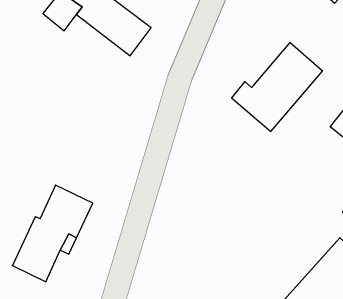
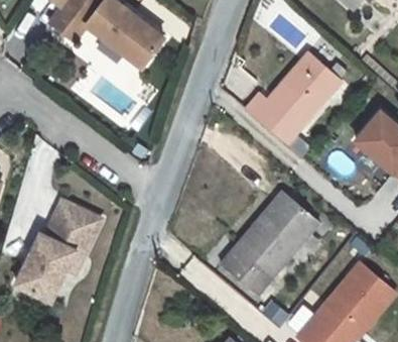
building: none -> [223,191,319,297]

